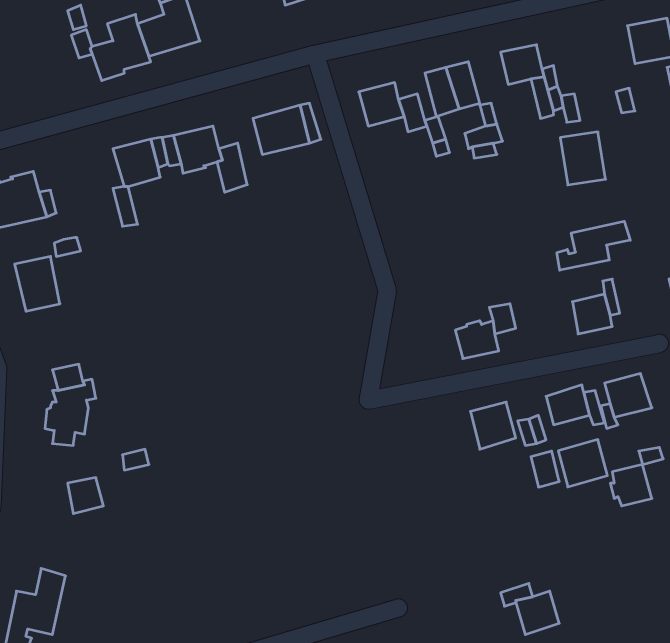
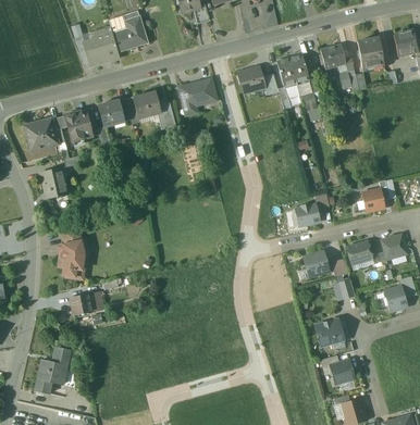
building: [560,132,606,185] -> [358,37,384,67]
building: none -> [65,112,92,141]
building: [557,221,630,270] -> none
building: [558,440,607,487] -> [316,318,344,346]

